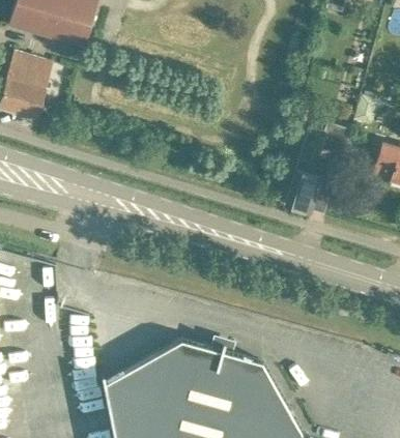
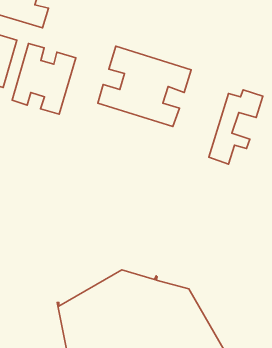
building: none -> [12,44,76,114]
building: none -> [98,46,191,127]

